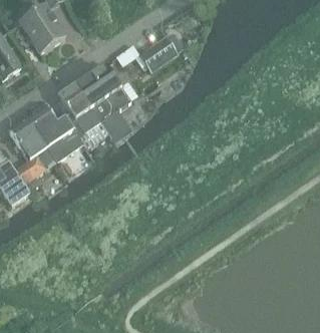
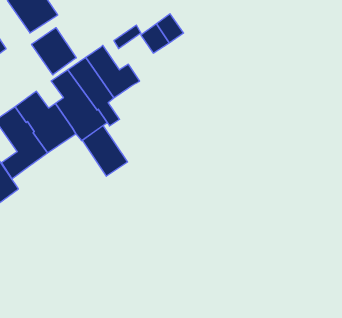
building: none -> [32,28,76,75]
building: none -> [83,126,128,176]

